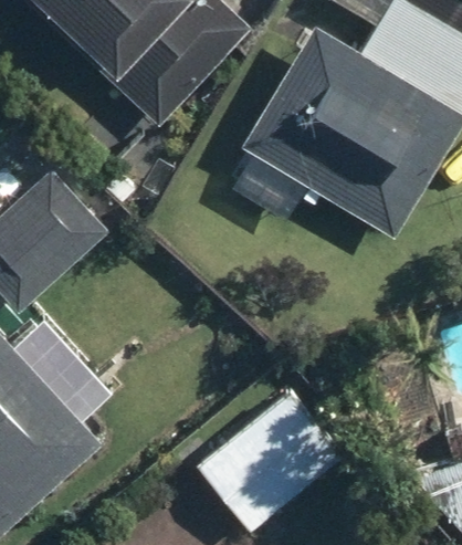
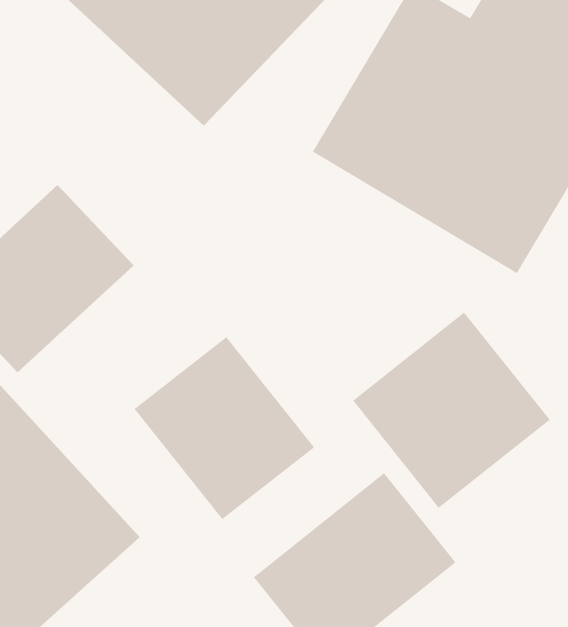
building: none -> [352,311,551,509]
building: none -> [133,336,315,520]

